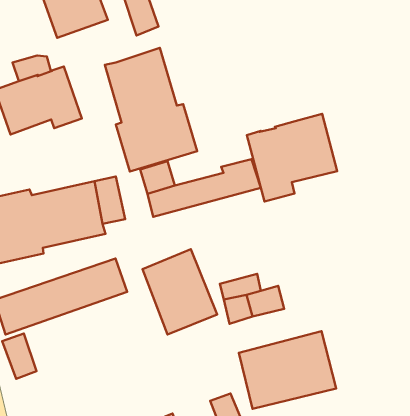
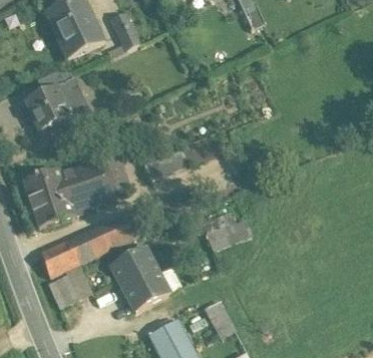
building: [105,48,197,171] -> none
building: [247,114,337,201] -> none
building: [143,249,217,334] -> [112,248,169,311]
building: [239,331,336,409] -> none

